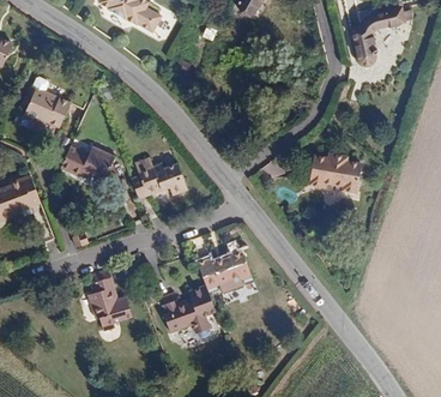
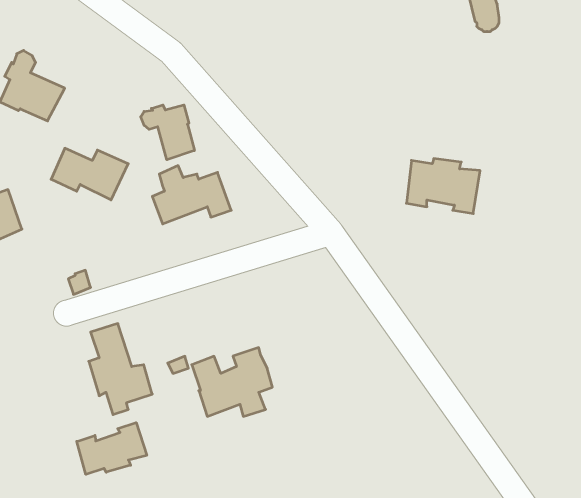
building: none -> [141,105,194,160]
building: [198,251,252,300] -> none
building: none -> [77,423,147,474]

